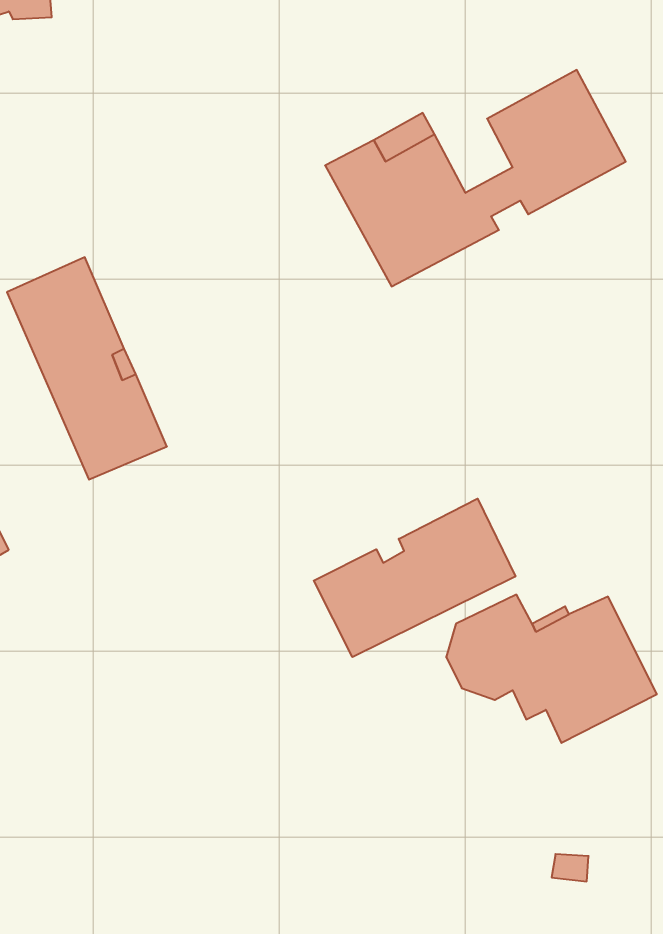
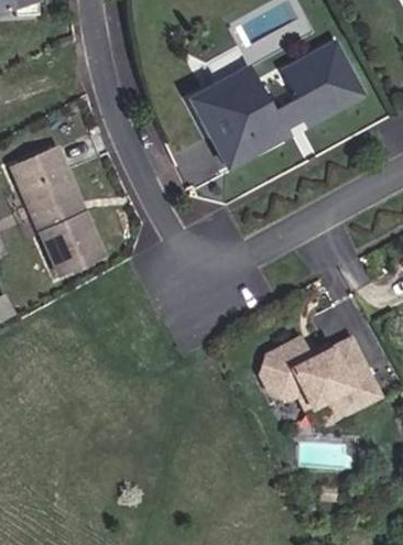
building: [314,499,515,657] -> none

